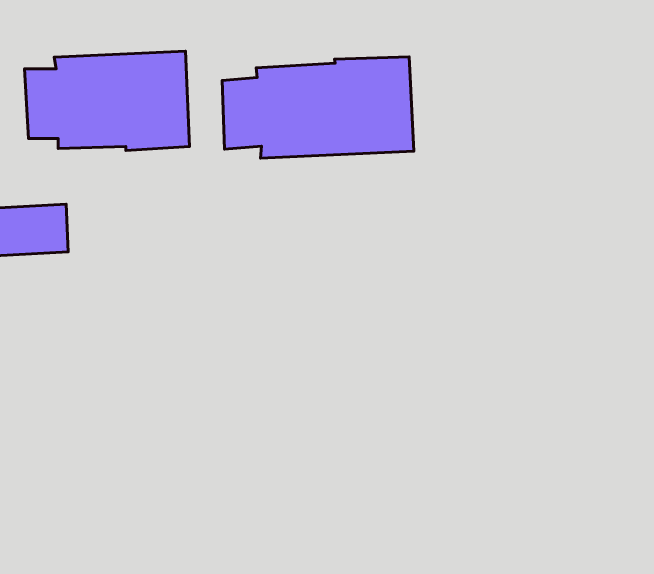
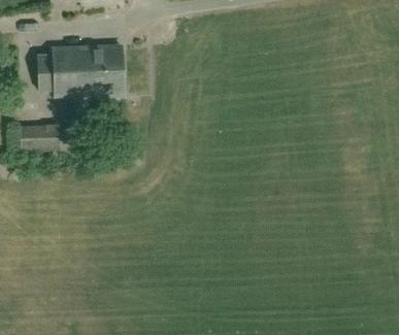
building: [222,57,414,158] -> none

